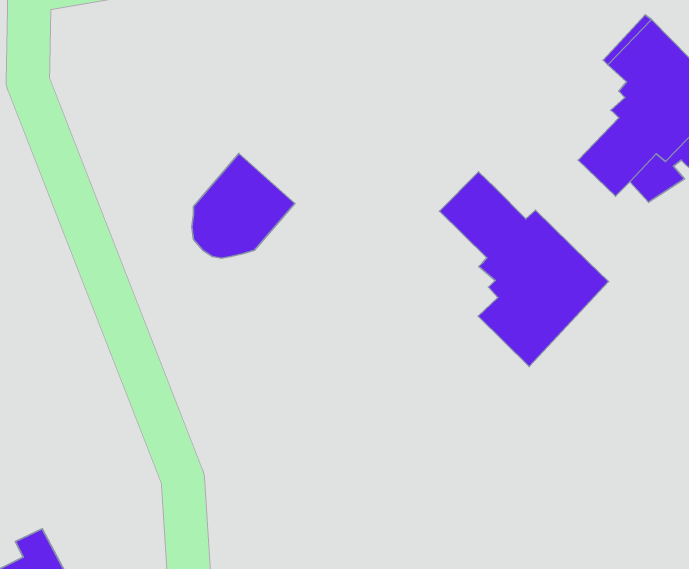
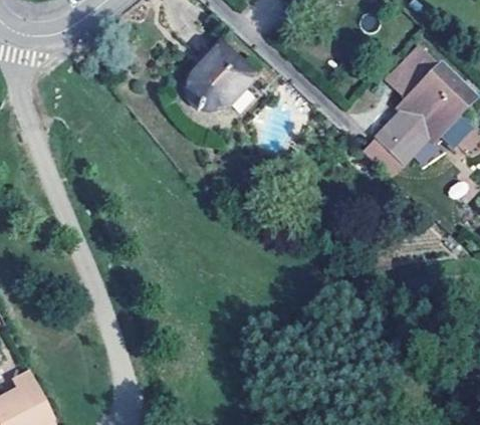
building: [192,153,295,258] -> [192,38,258,105]
building: [439,172,609,367] -> none

